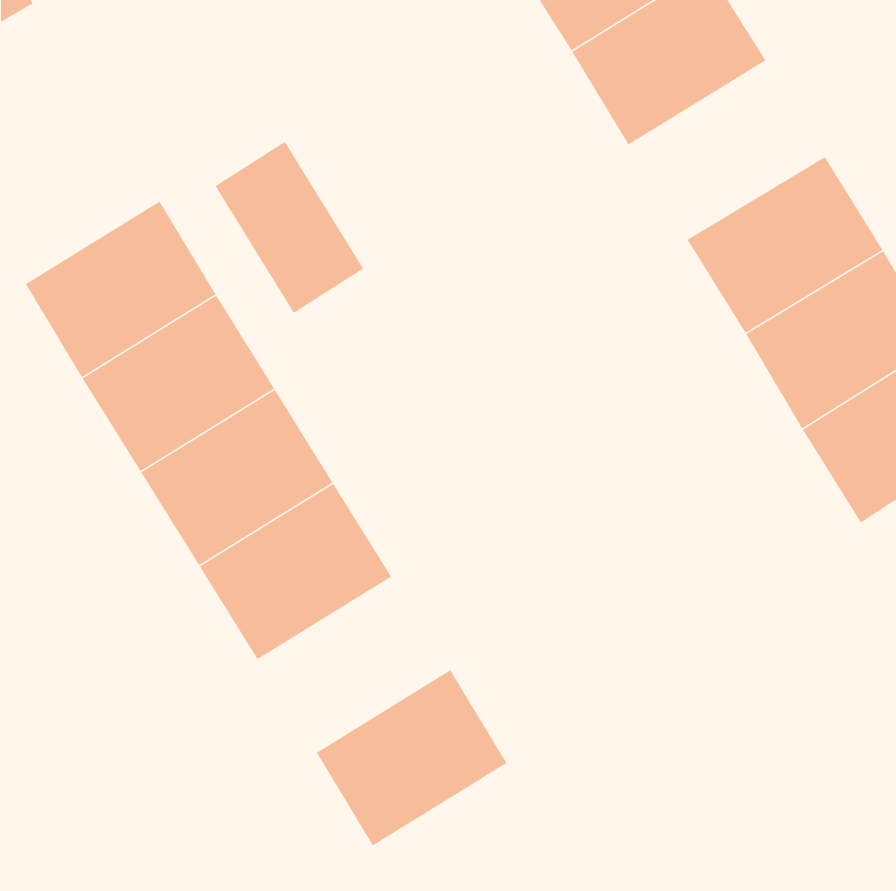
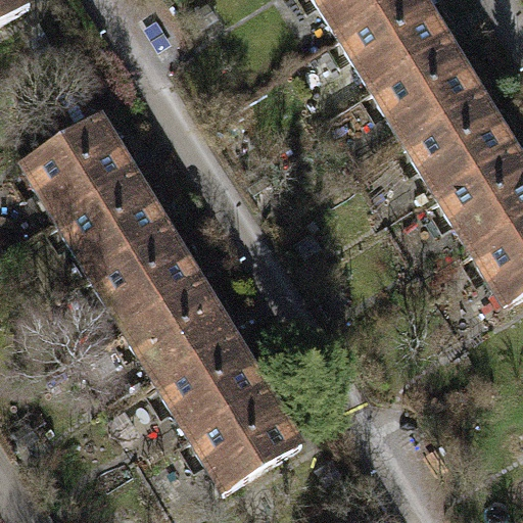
building: none -> [368,35,481,138]
building: [215,141,364,314] -> none
building: none -> [154,332,266,433]

